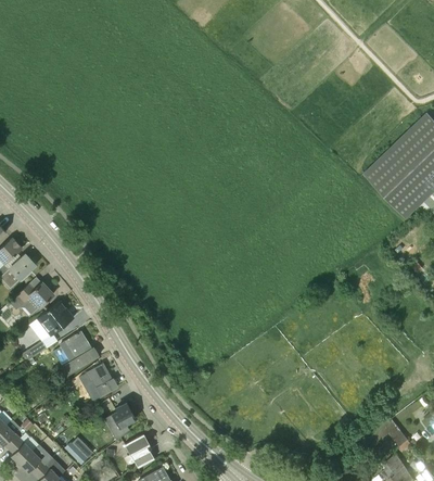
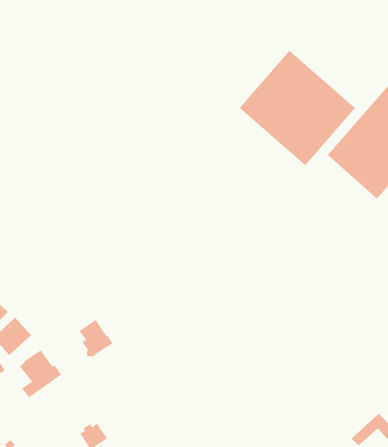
building: none -> [239,50,356,166]
building: [85,364,116,400] -> [79,319,113,358]

